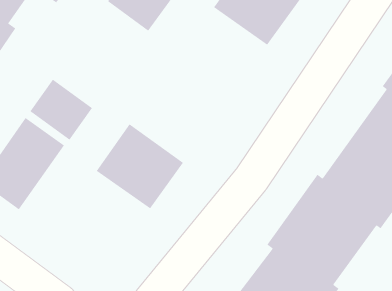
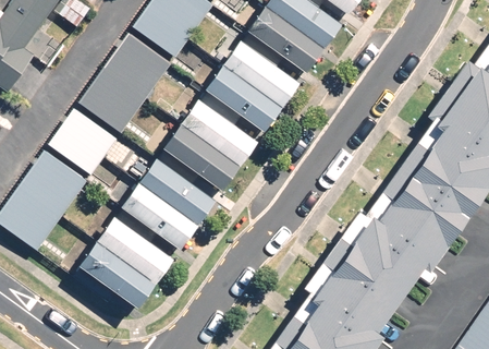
building: none -> [78,34,171,133]
building: none -> [204,40,298,132]
building: none -> [161,98,257,191]
building: none -> [77,216,173,309]

